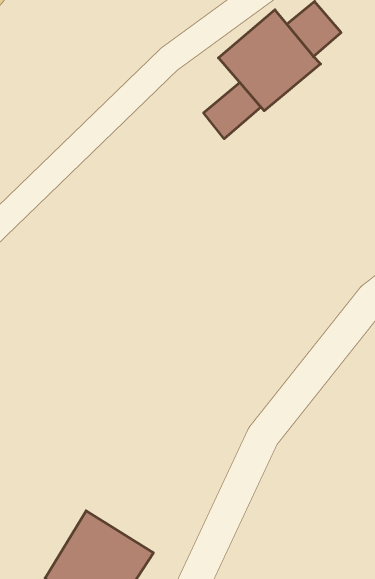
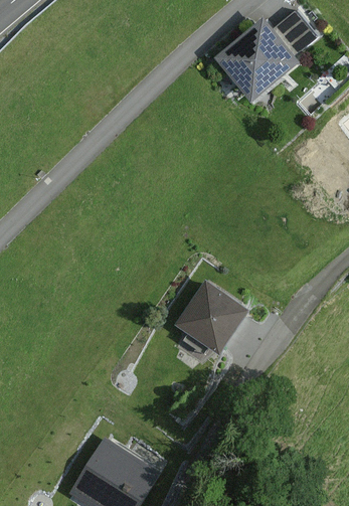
building: [204,83,261,139] -> none
building: none -> [176,281,248,354]

